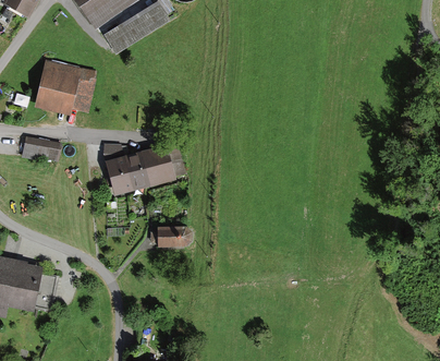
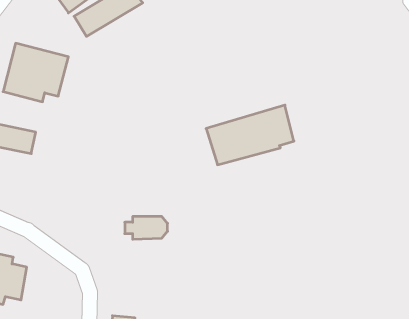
building: [103,137,188,195] -> [206,105,294,165]

